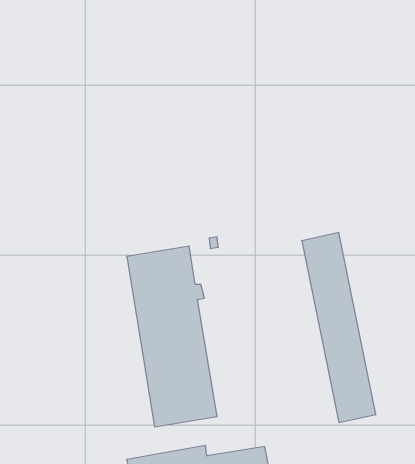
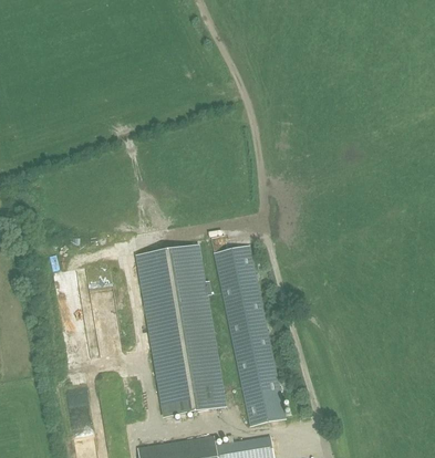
building: [302,233,376,423] -> [214,244,284,426]

